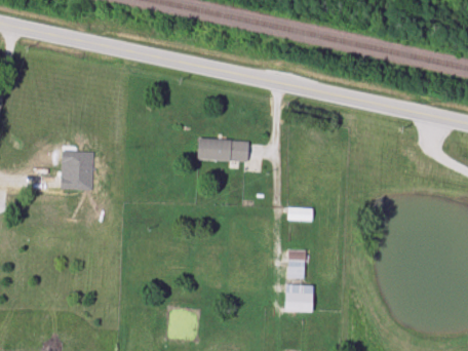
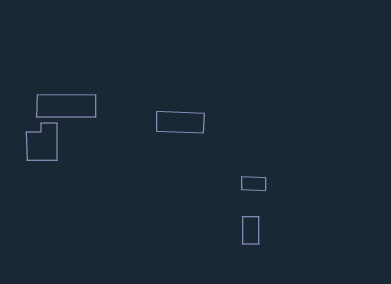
building: none -> [37,95,96,117]
building: [286,284,313,310] -> none

